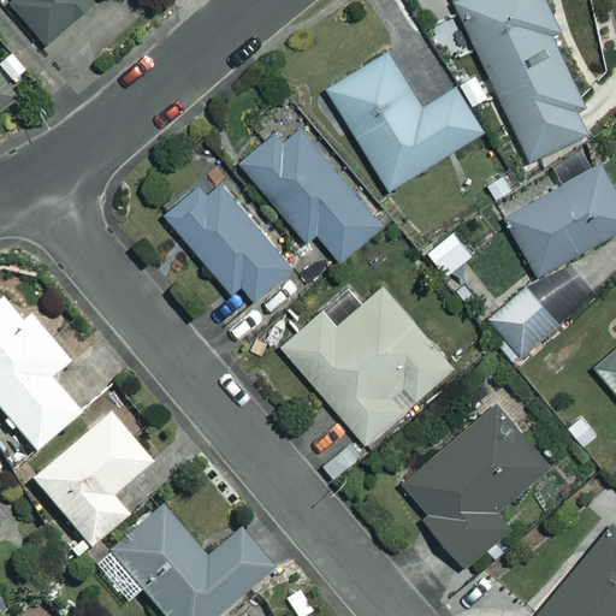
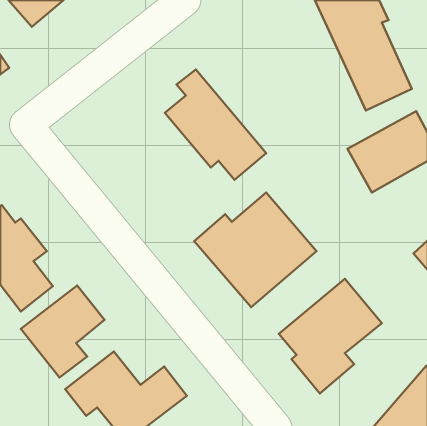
building: [326,52,484,190] -> none
building: [167,172,296,300] -> none
building: [488,280,562,354] -> none

